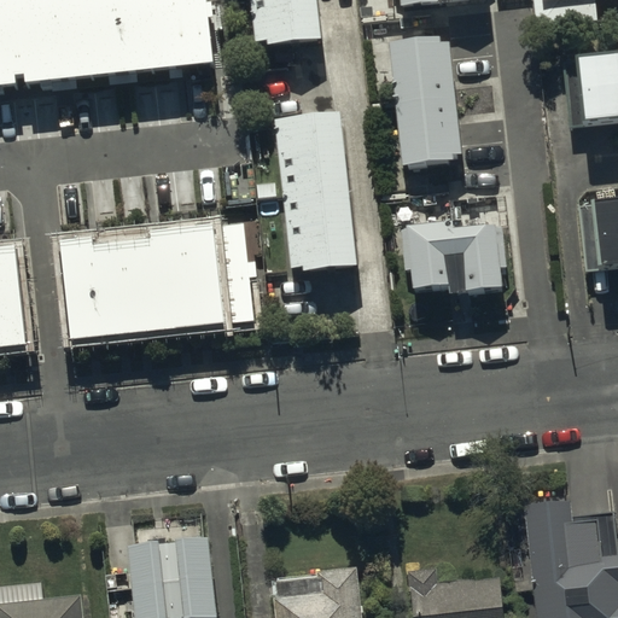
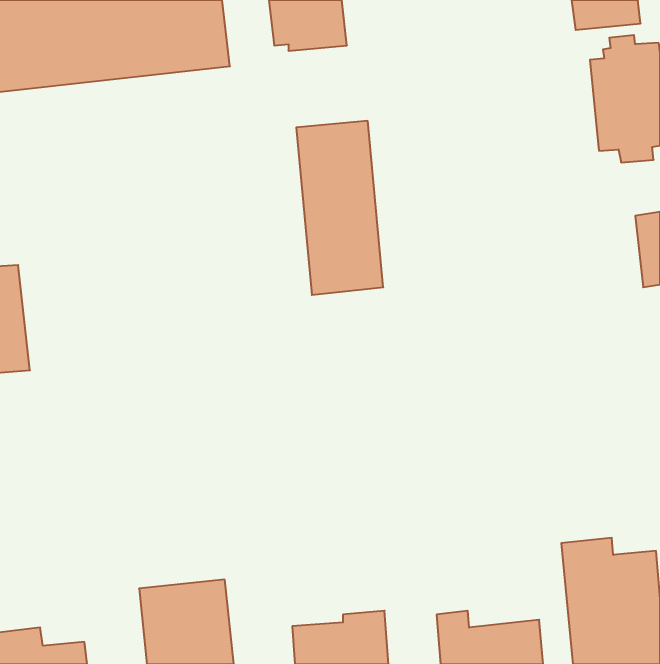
building: [389,36,462,165] -> none
building: [406,218,503,295] -> none
building: [60,222,253,342] -> none

